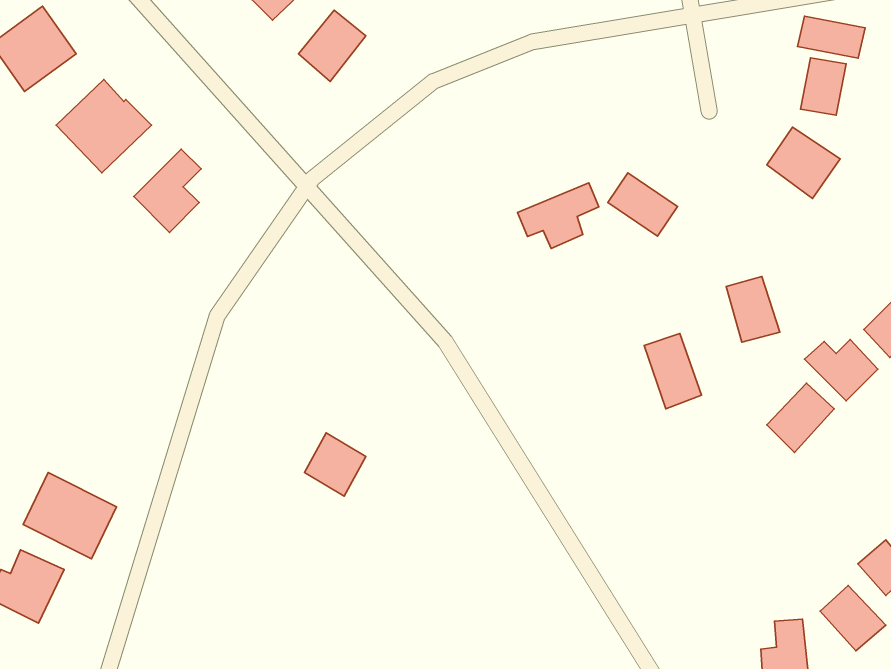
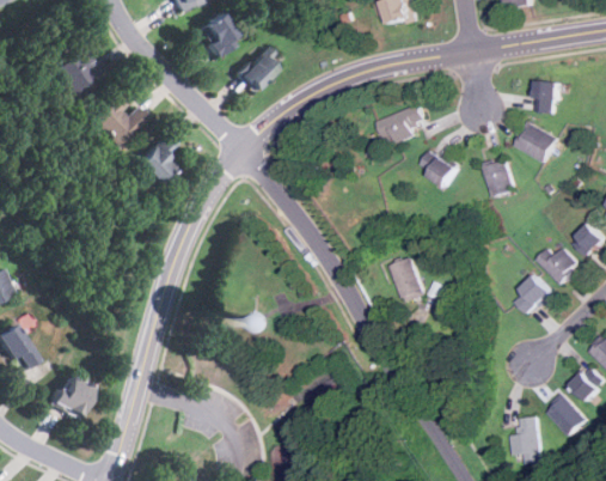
building: [798,16,865,58] -> none
building: [518,183,599,248] -> [378,104,427,144]
building: [726,277,780,342] -> [483,158,515,197]
building: [644,334,702,409] -> [391,258,426,304]
building: [23,472,117,559] -> none

